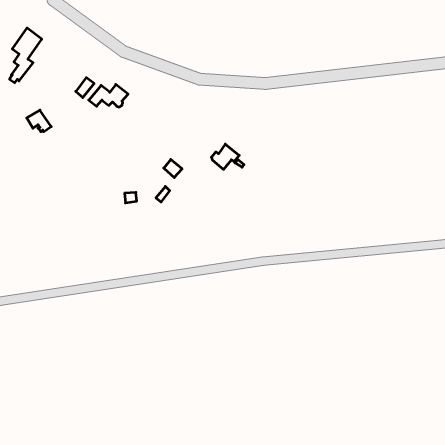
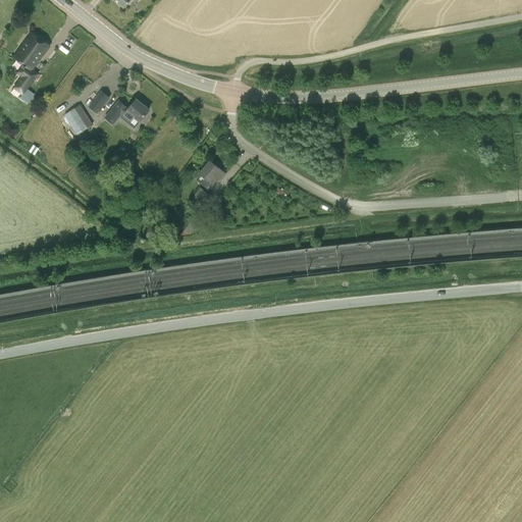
building: [27,110,51,132] -> [64,105,93,130]
building: [211,144,239,169] -> [194,160,226,190]

